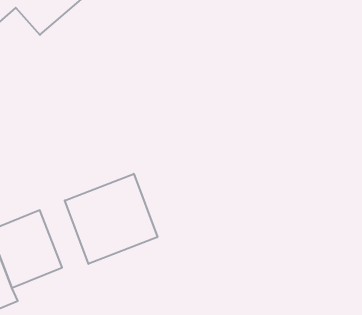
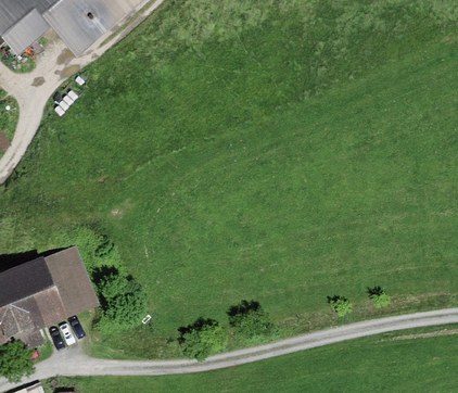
building: [65,174,157,264] -> none

